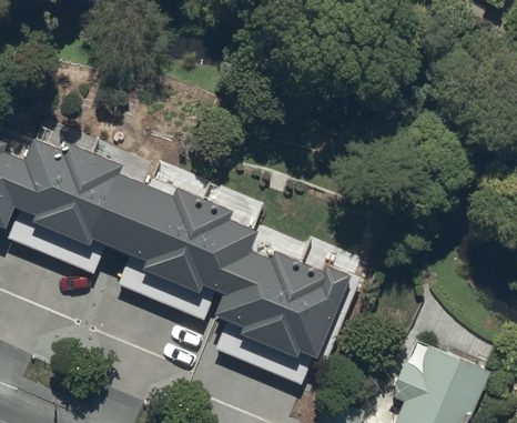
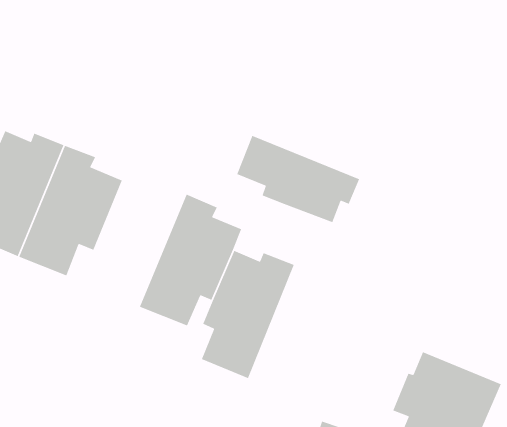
building: none -> [236,135,360,223]
building: [119,175,203,300] -> none
building: [260,261,362,382] -> none

